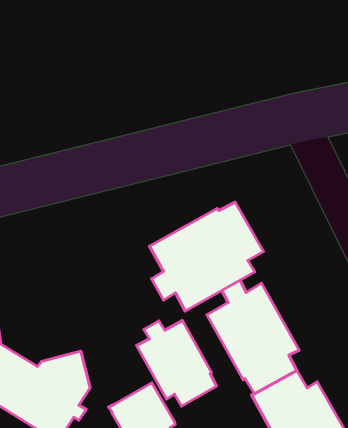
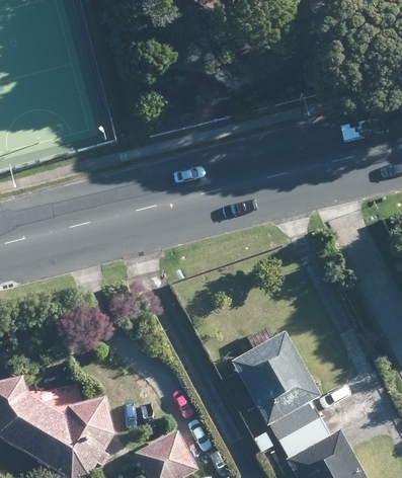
building: [150,202,263,311] -> none
building: [137,320,217,406] -> none

